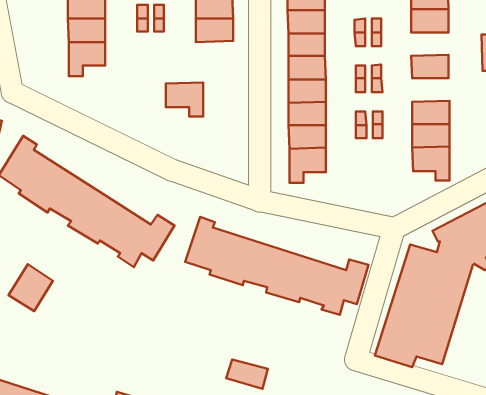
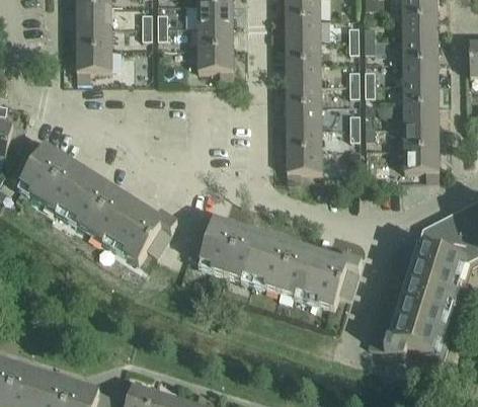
building: none -> [403,38,439,61]
building: none -> [404,82,440,104]
building: [166,83,203,117] -> [198,47,234,79]
building: [8,264,53,311] -> none
building: [226,359,268,389] -> none

